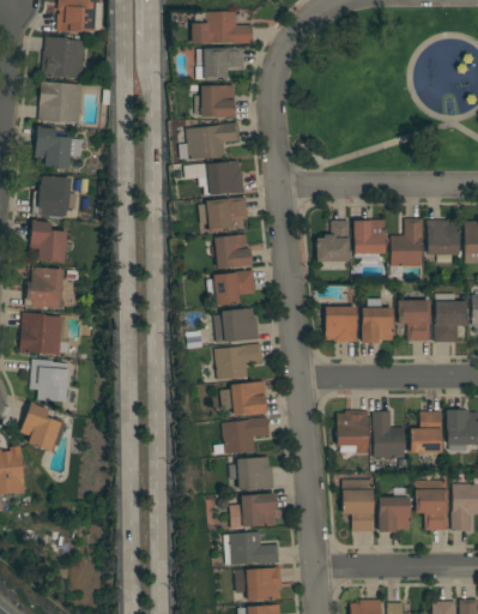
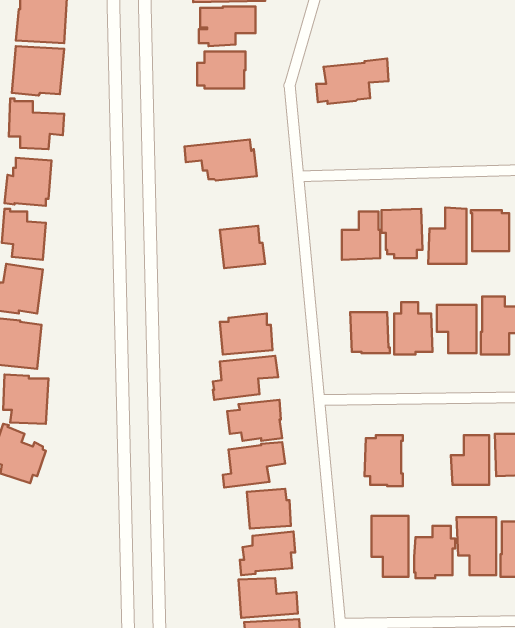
building: [180,122,241,161] -> [316,58,389,104]
building: [206,197,248,234] -> none
building: [207,270,256,306] -> none
building: [373,413,405,458] -> none

